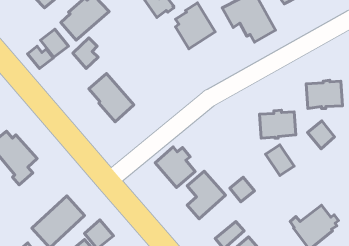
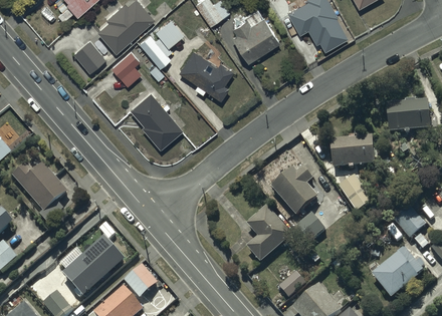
building: none -> [139,17,183,66]
building: none -> [179,48,233,98]
building: [27,46,53,69] -> none
building: [307,121,335,149] -> [394,205,426,238]
building: [155,147,195,188] -> [271,167,318,215]

